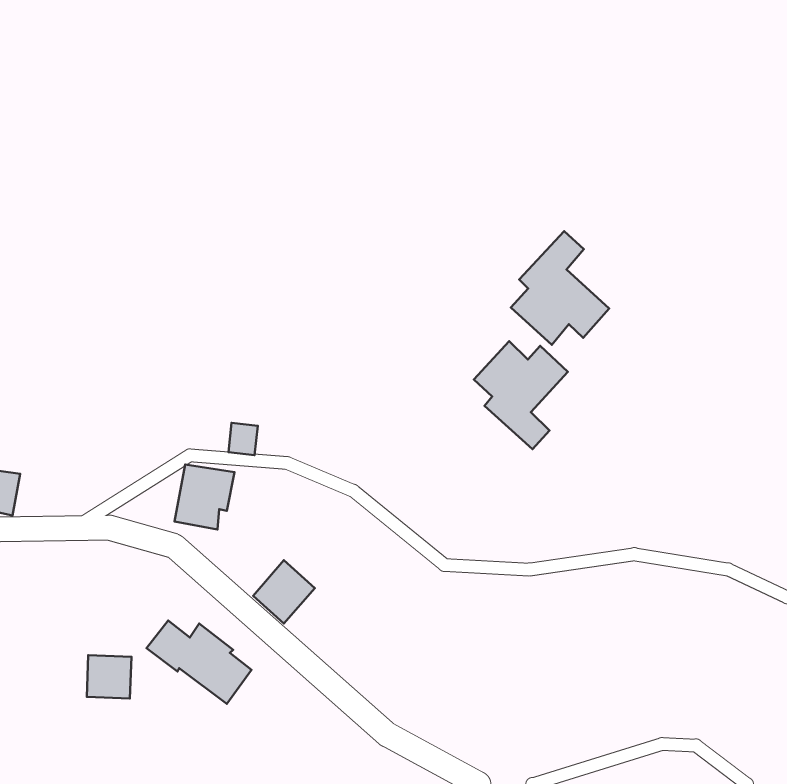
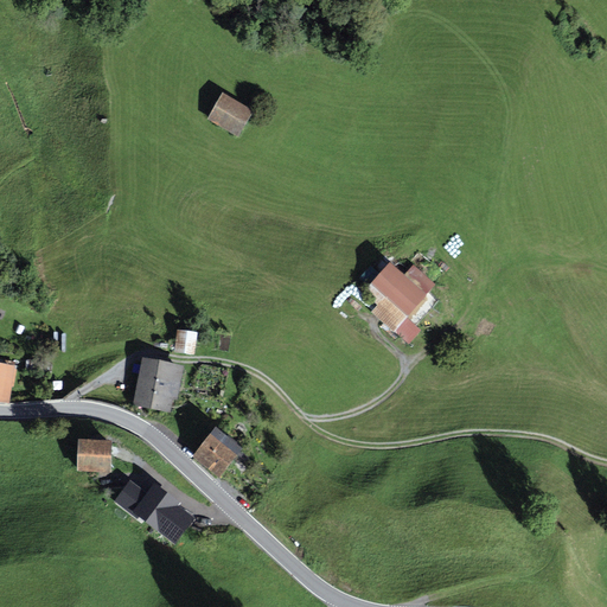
building: none -> [207,95,254,139]
building: [511,231,609,345] -> none
building: [87,655,131,698] -> [76,436,110,469]

